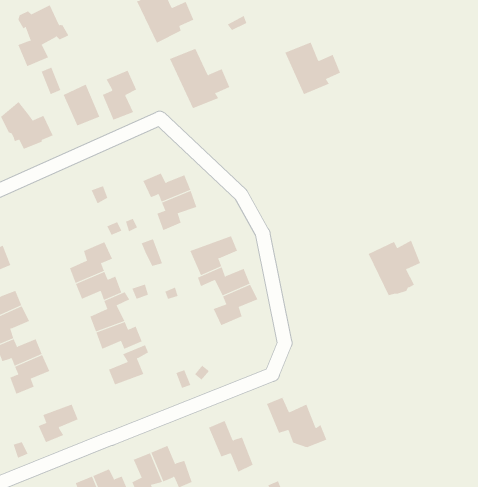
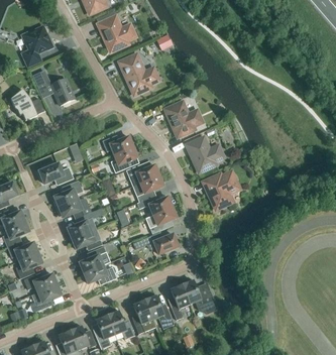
building: [285,42,341,95] -> [165,102,202,136]
building: [102,70,137,121] -> none
building: none -> [187,137,223,172]
building: none -> [39,162,74,184]
building: none -> [126,164,159,186]
building: [368,240,421,296] -> [203,172,237,209]
building: none -> [141,232,178,254]
building: none -> [84,265,117,283]
building: none -> [23,273,57,291]
building: none -> [169,284,190,320]
building: none -> [132,300,152,334]

